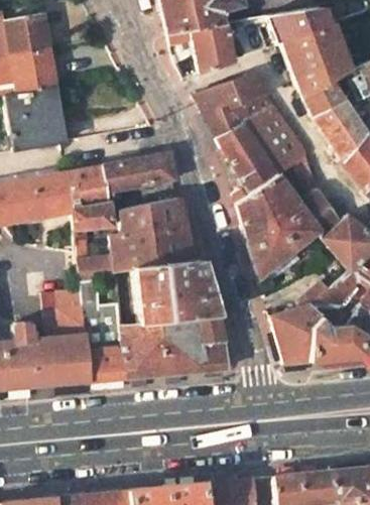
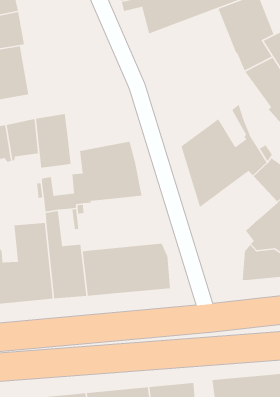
building: [194,74,305,204] -> none
building: [103,154,173,201] -> none
building: [131,261,216,325] -> none
building: [271,282,328,364] -> none

